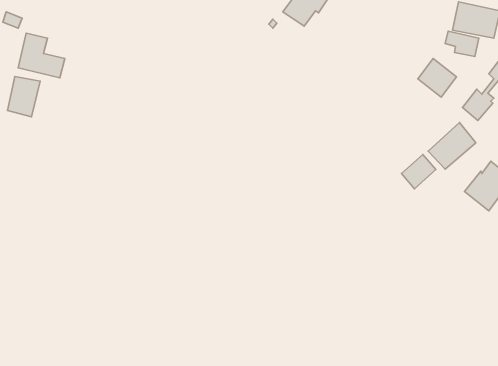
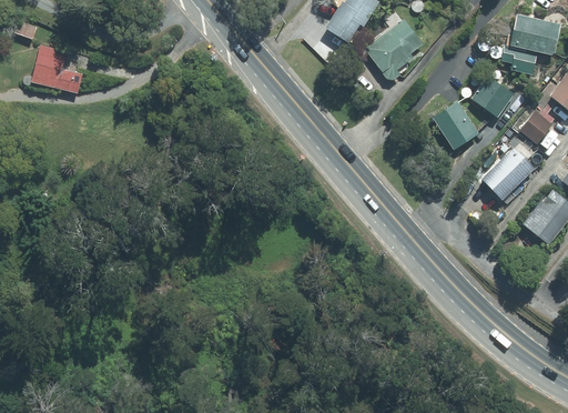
building: none -> [364,19,424,82]
building: [7,77,40,117] -> none
building: none -> [434,102,478,149]
building: [401,154,436,189] -> none

